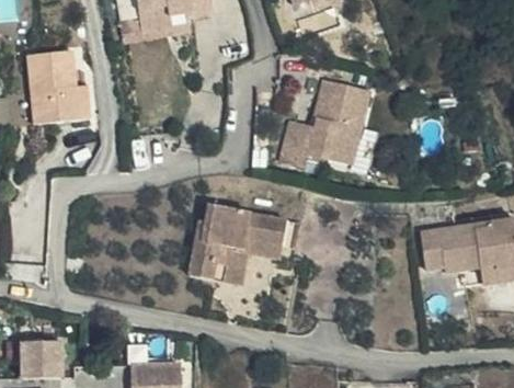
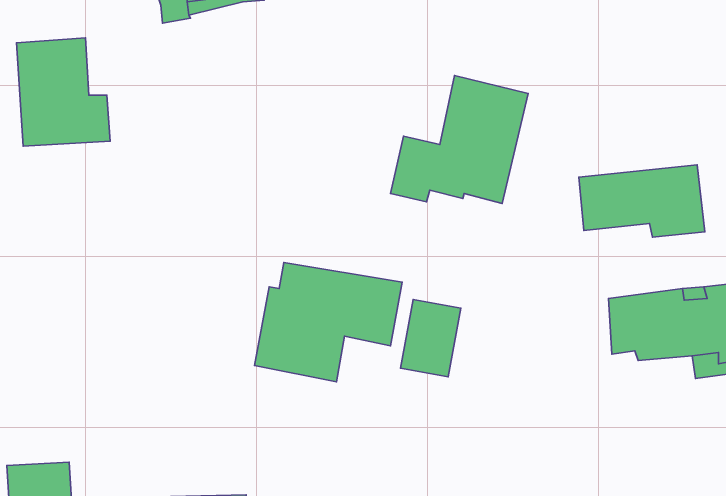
building: none -> [579,165,705,237]
building: none -> [401,299,461,377]

